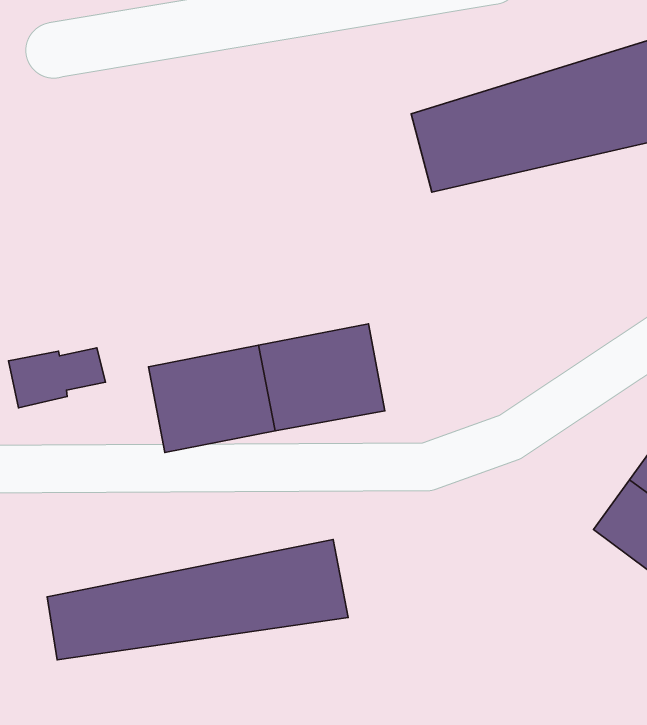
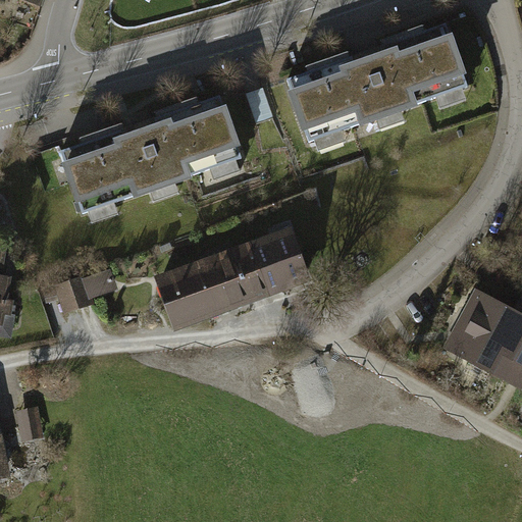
building: none -> [66,95,248,215]
building: [47,540,348,660] -> none

